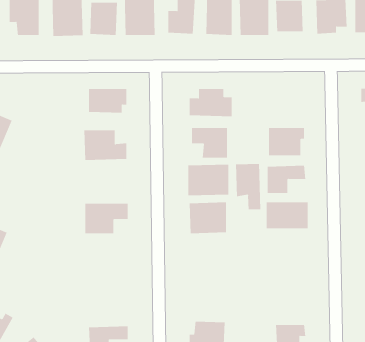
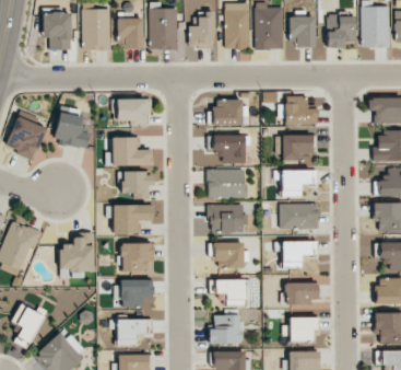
building: none -> [281,95,317,125]
building: none -> [55,112,91,149]
building: [236,163,261,210] -> none
building: none -> [119,172,153,195]
building: none -> [60,234,94,278]
building: none -> [213,242,244,268]
building: none -> [119,243,154,271]
building: none -> [282,243,317,268]
building: none -> [117,279,153,307]
building: none -> [209,279,247,305]
building: none -> [284,282,318,303]

